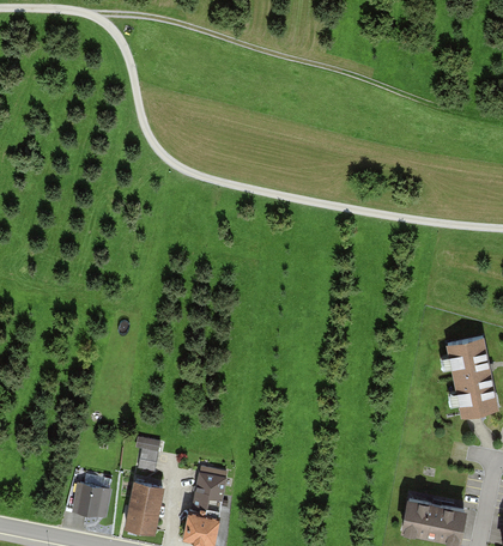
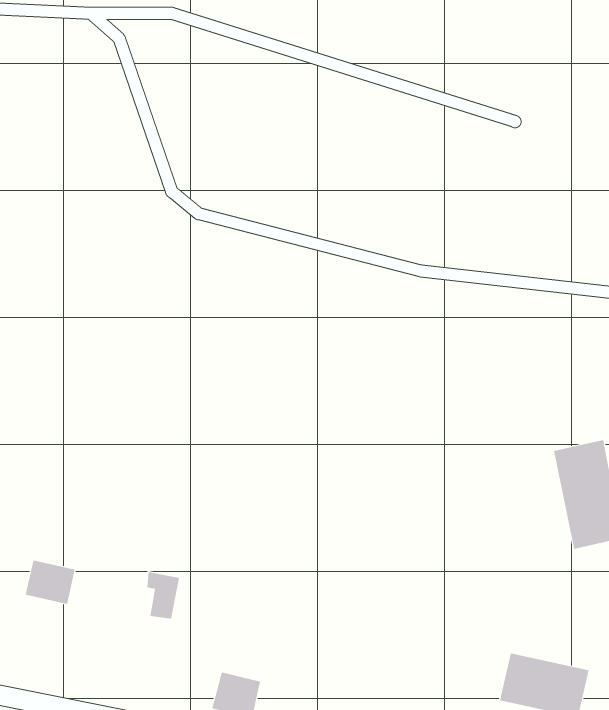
building: [192,466,228,510] -> none
building: [125,480,165,534] -> none
building: [73,483,111,516] -> [25,560,76,604]

